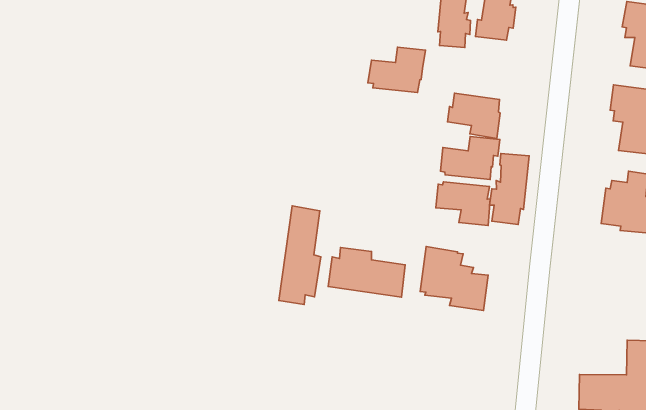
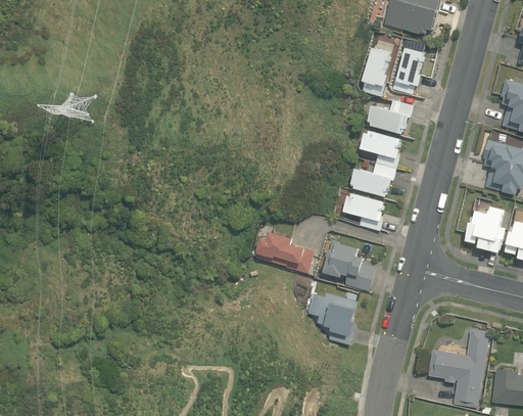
building: [368,47,425,93] -> [367,97,413,133]
building: [490,153,529,225] -> none
building: [279,206,321,304] -> none
building: none -> [307,291,358,343]

